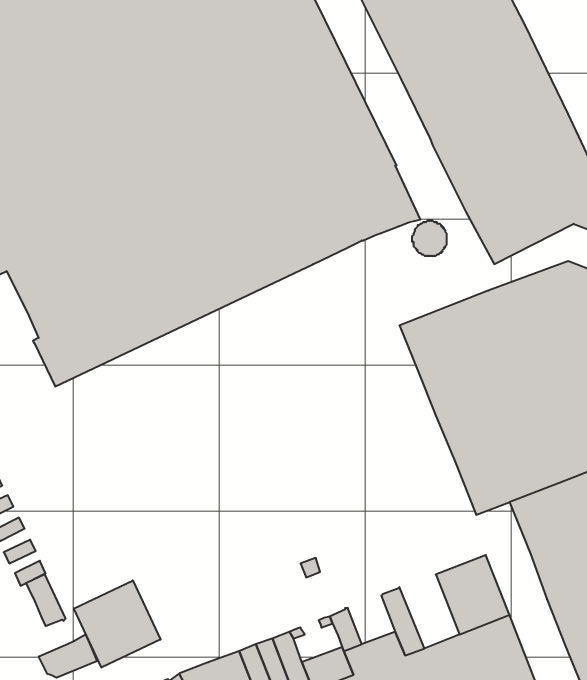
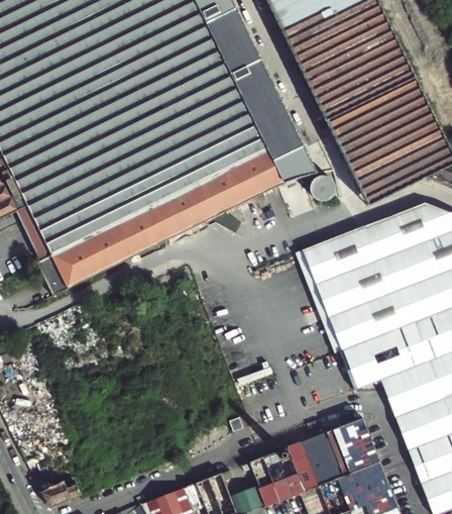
building: none -> [301,429,344,484]
building: [26,574,65,626] -> none
building: [74,580,161,668] -> none
building: none -> [263,445,298,481]

